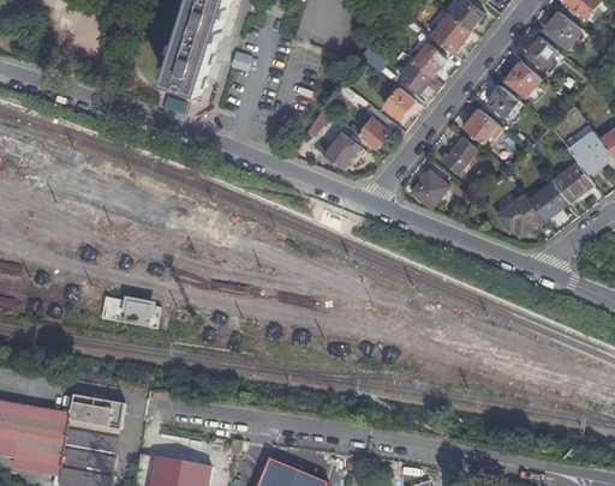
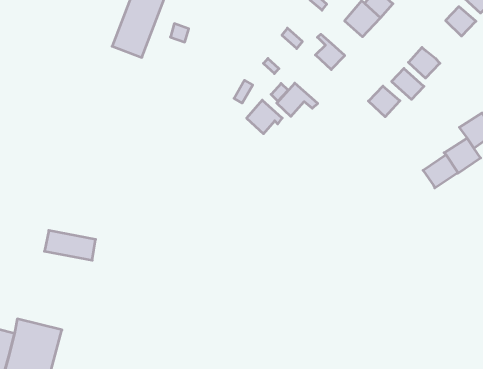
building: [523,37,554,74] -> none
building: [411,44,444,77] -> none
building: [381,88,412,120] -> none
building: [440,137,476,175] -> none
building: [408,170,447,209] -> none
building: [495,197,541,238] -> none

